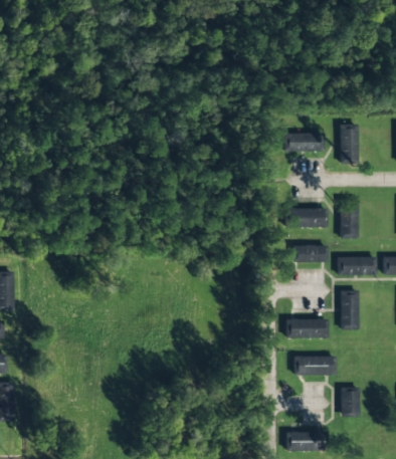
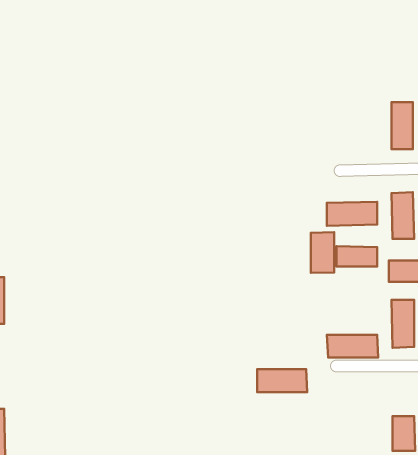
building: [284,133,325,153] -> none
building: none -> [311,232,334,273]
building: [293,357,336,376] -> [257,369,307,392]

